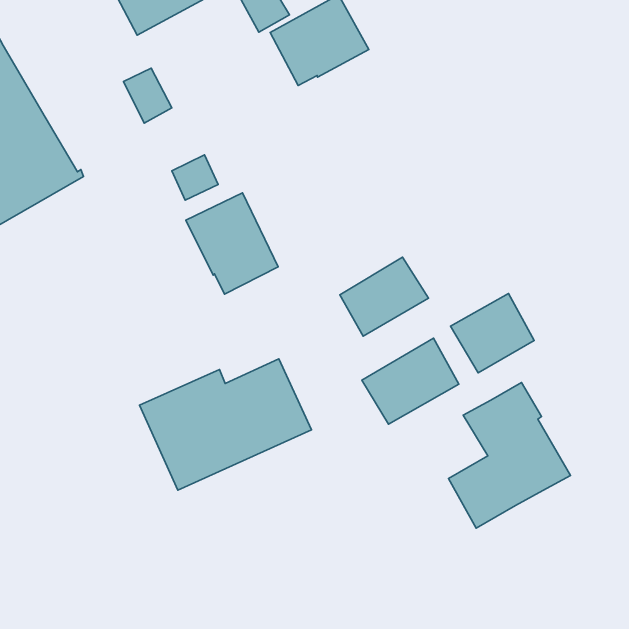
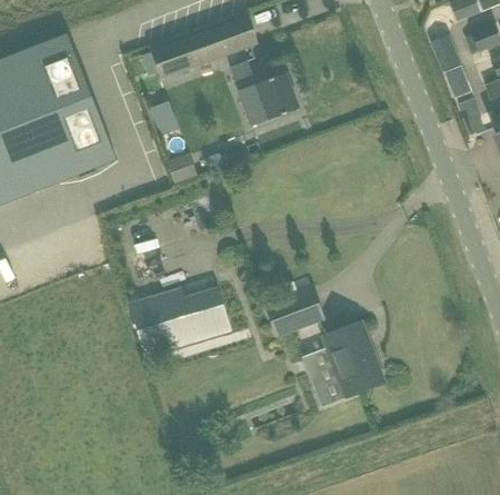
building: [186,193,278,294] -> none
building: [340,257,428,336] -> none
building: [450,293,534,373] -> none

